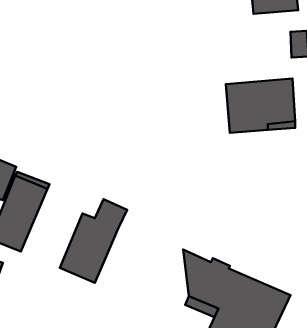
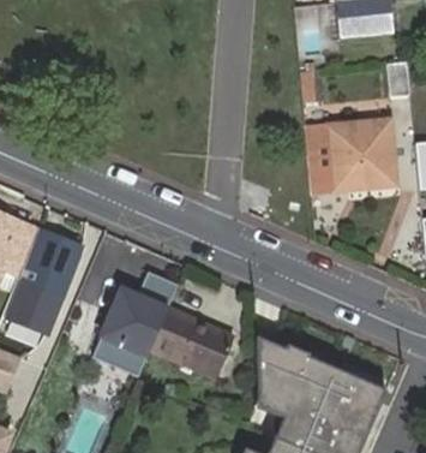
building: none -> [151,308,227,371]

